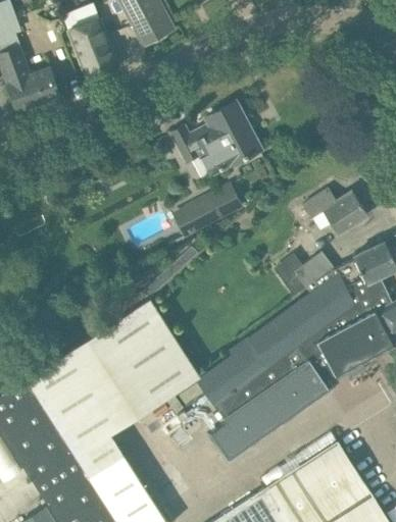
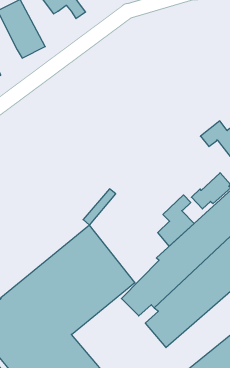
building: [169,102,260,174] -> none
building: [186,189,232,230] -> none
building: none -> [158,195,194,246]

